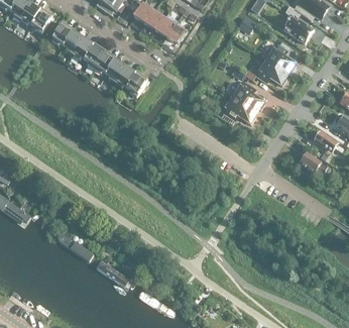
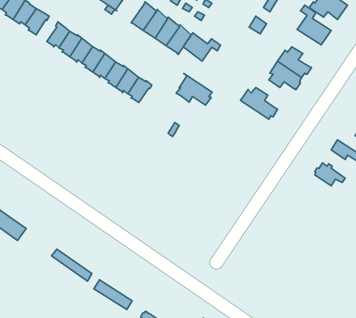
building: none -> [183,33,221,61]
building: [223,94,256,123] -> [176,74,212,105]

